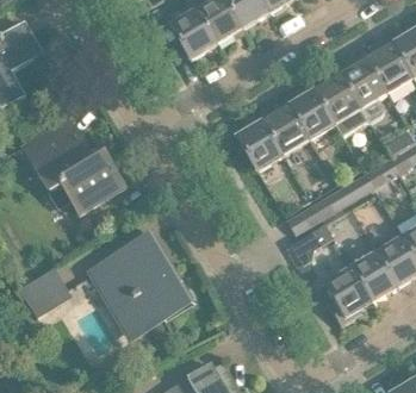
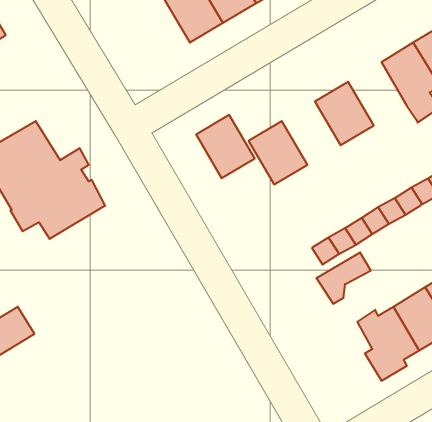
building: [315,74,368,135] -> none
building: [262,105,309,155] -> [196,115,255,178]
building: [82,237,191,341] -> none

